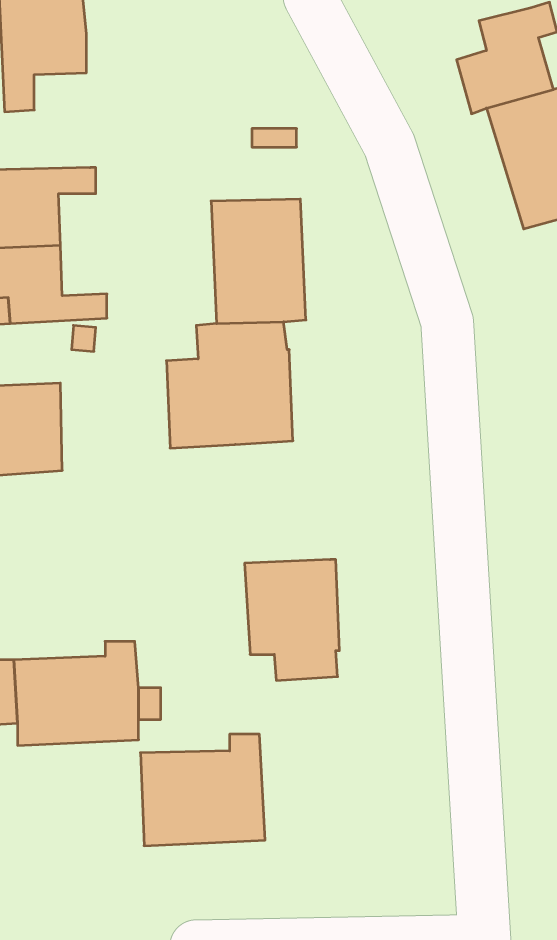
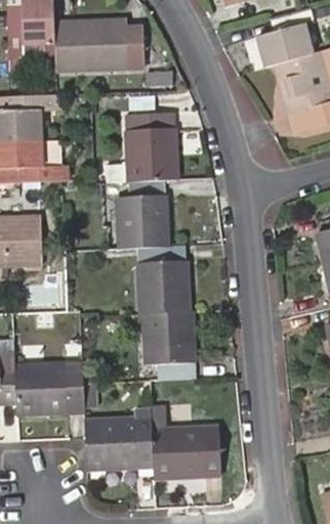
building: none -> [55,21,145,71]
building: none -> [137,247,190,314]
building: none -> [152,427,221,479]

